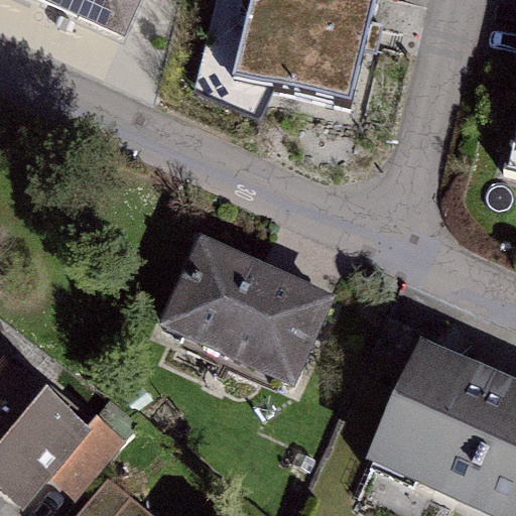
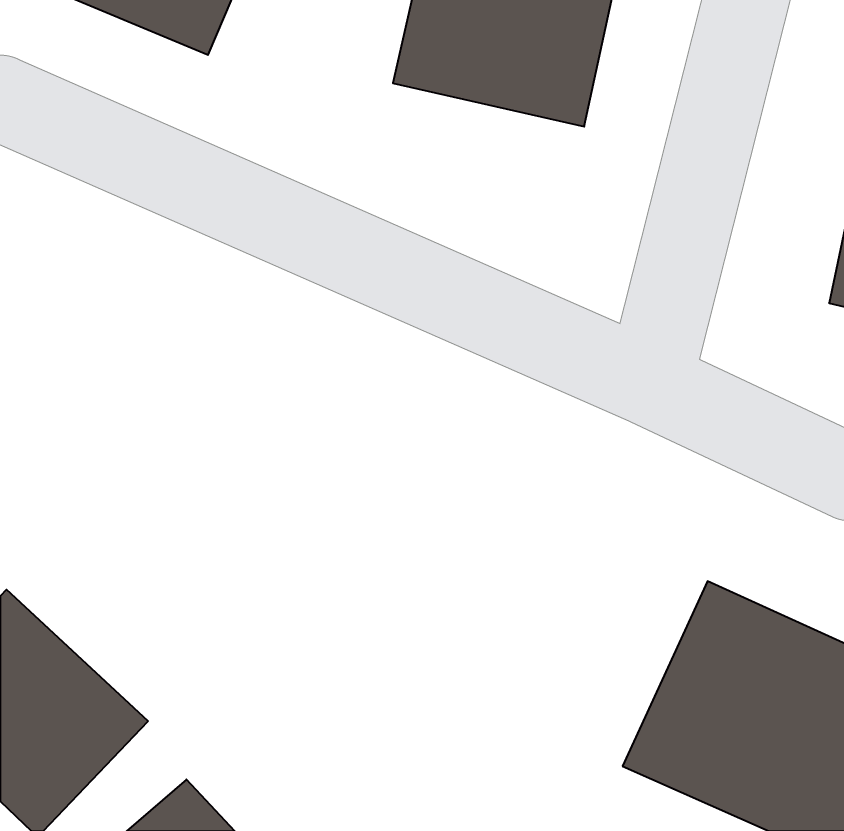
building: [151,243,328,402] -> none

